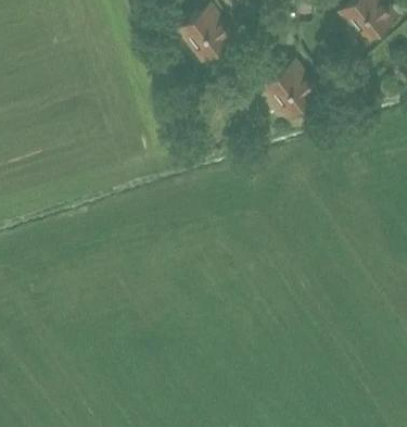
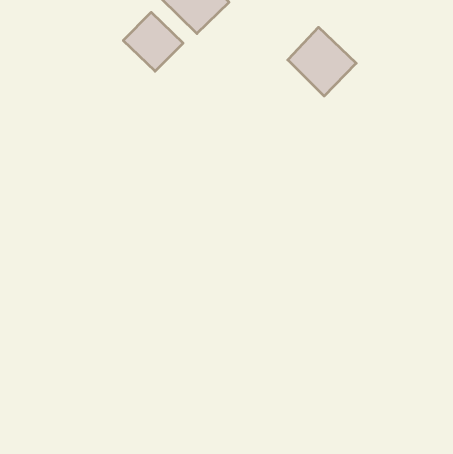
building: none -> [123,12,183,71]

